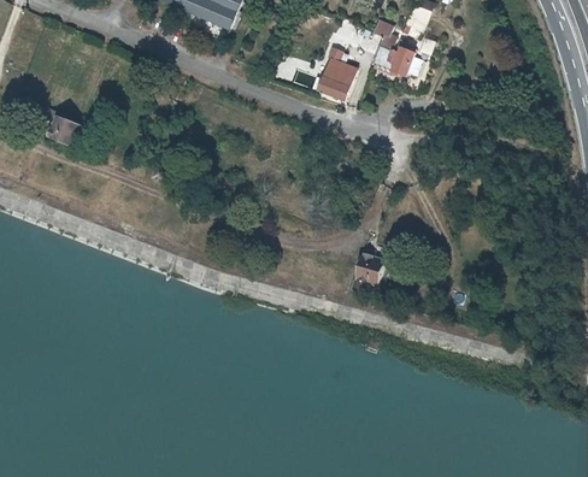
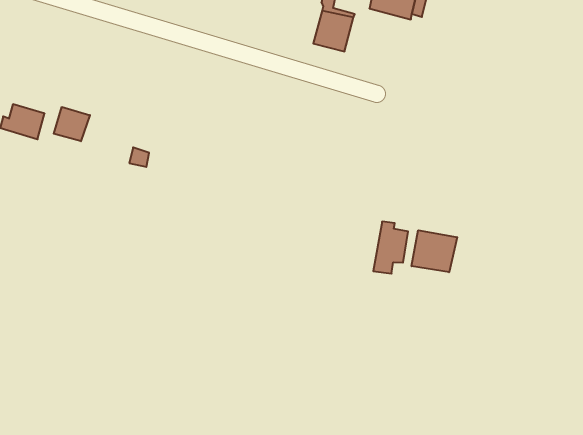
building: none -> [54,107,90,141]
building: none -> [412,230,457,272]

